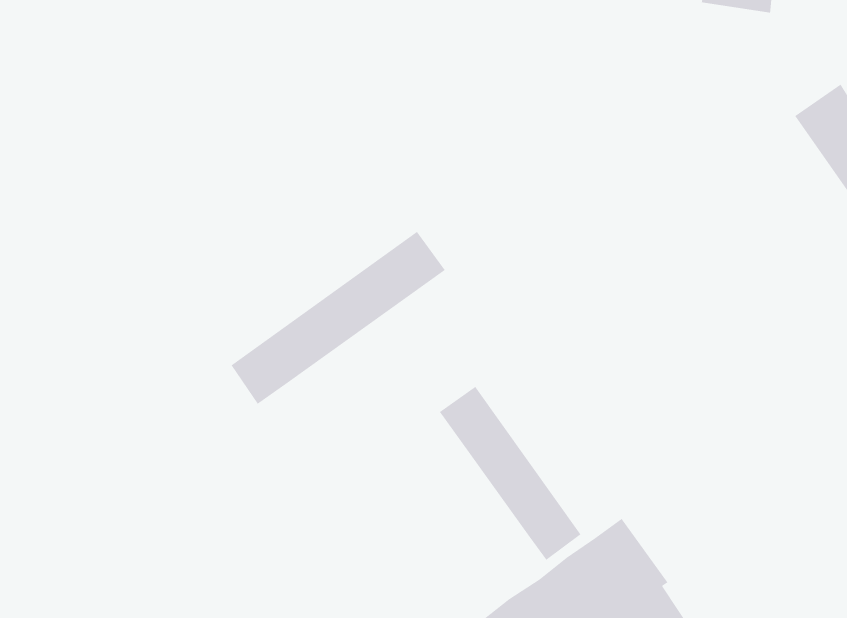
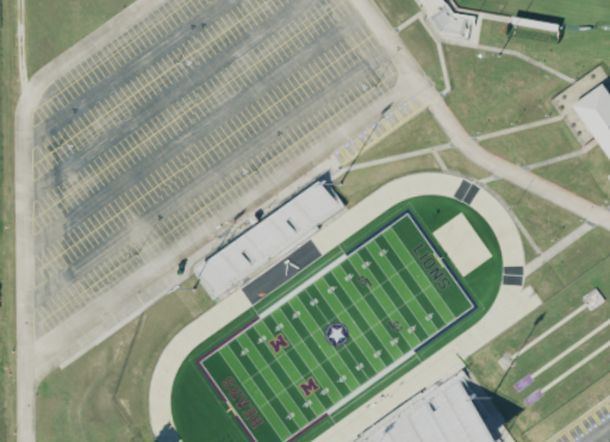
building: [439,386,581,561] -> none

